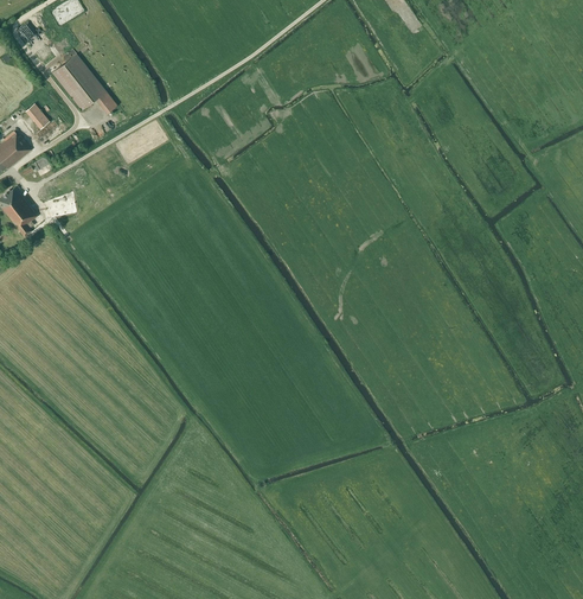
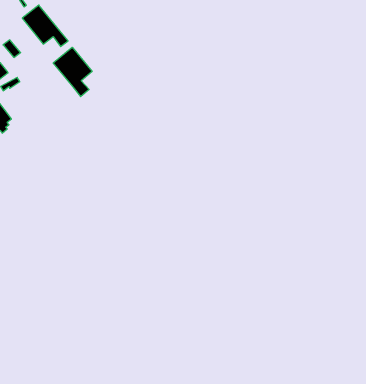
building: none -> [53,47,92,97]

